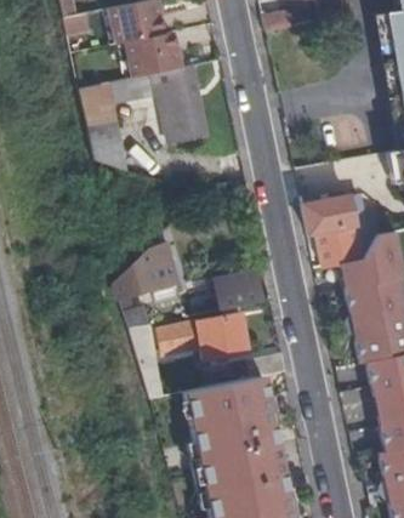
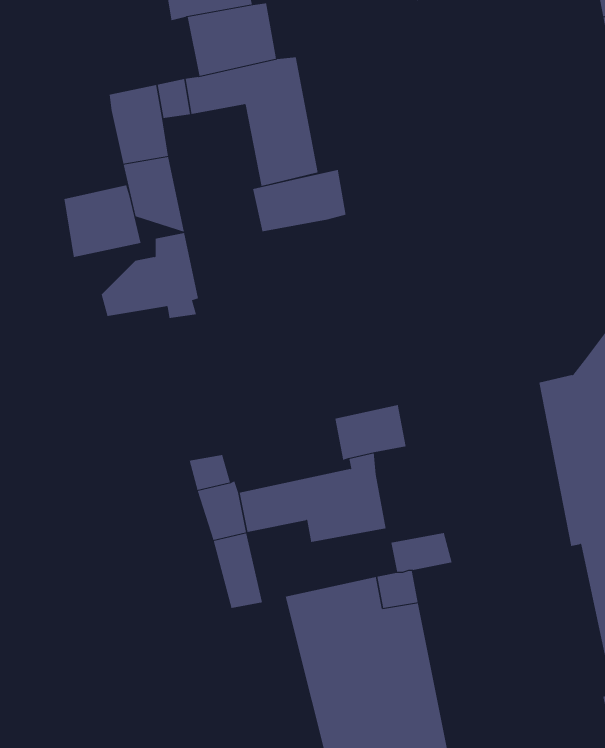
building: none -> [253,169,346,232]
building: none -> [64,184,141,258]
building: [302,195,369,267] -> none
building: [119,246,178,298] -> [101,233,199,319]

